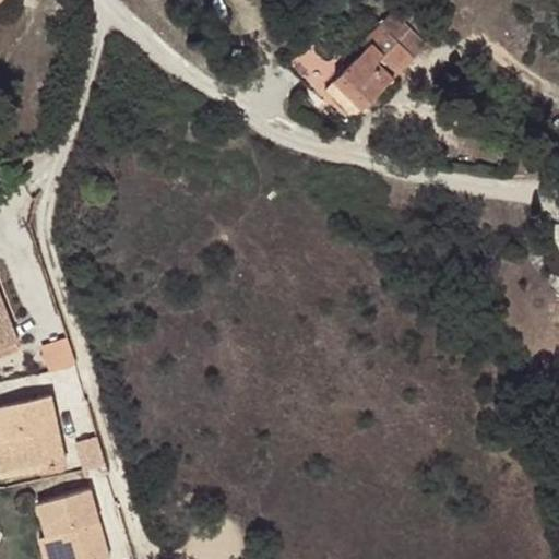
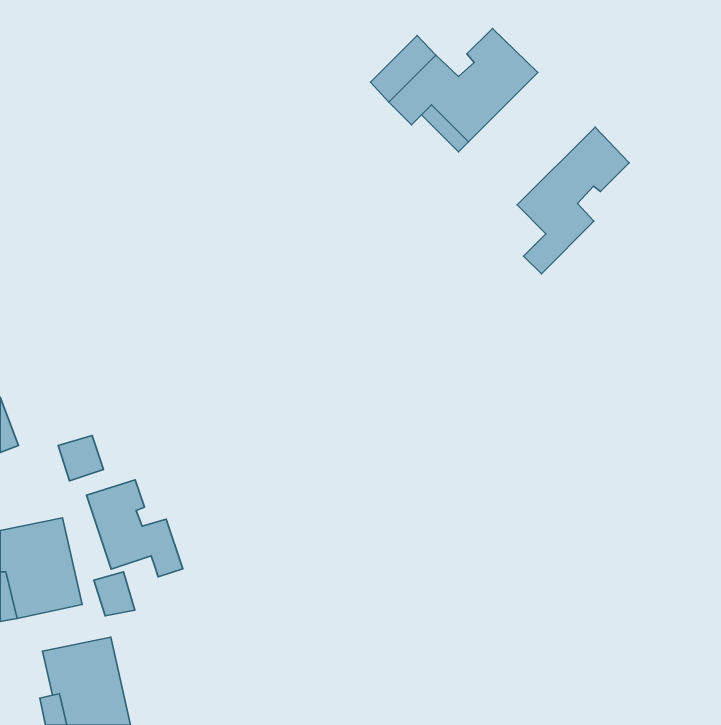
building: none -> [517,127,629,274]
building: none -> [87,480,183,577]

